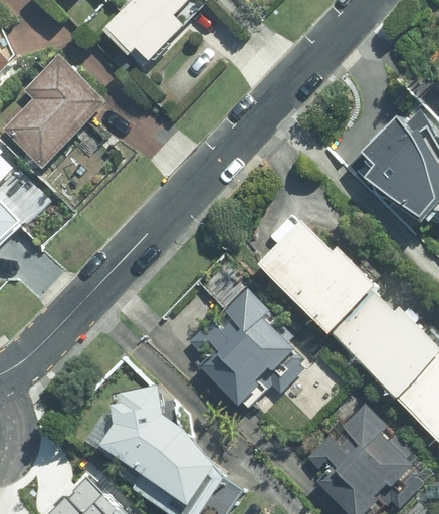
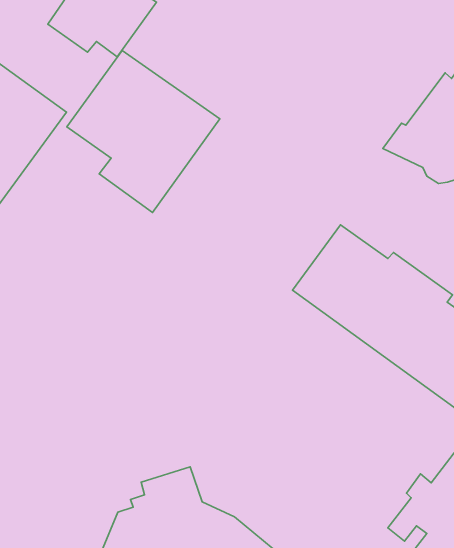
building: none -> [67,50,220,212]
building: [186,287,296,407] -> none

